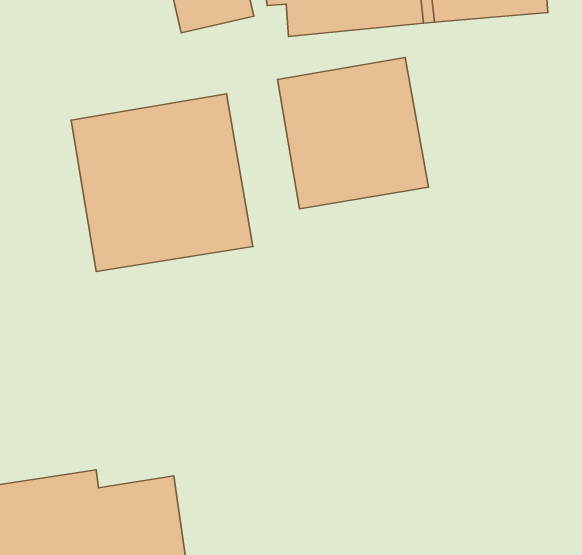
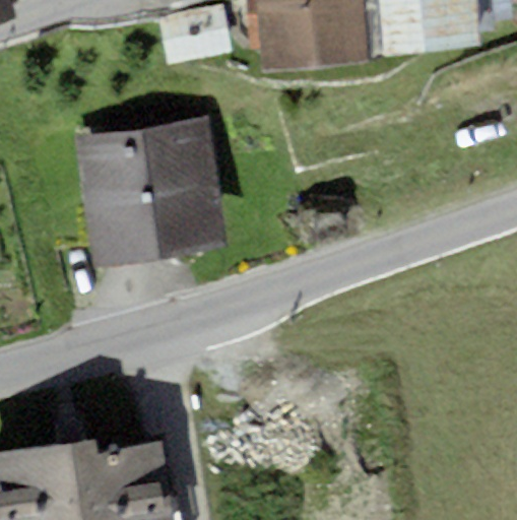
building: [277,57,428,209] -> none

